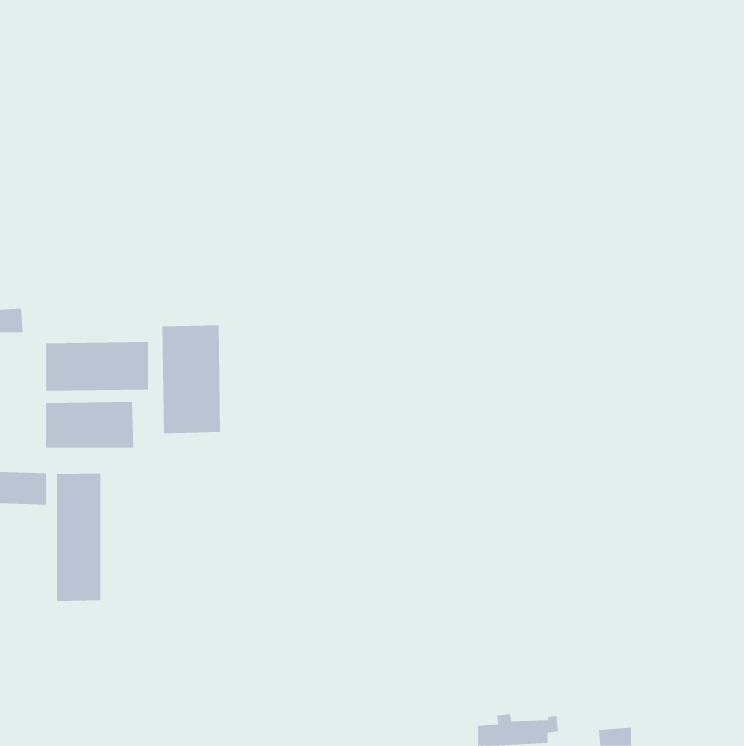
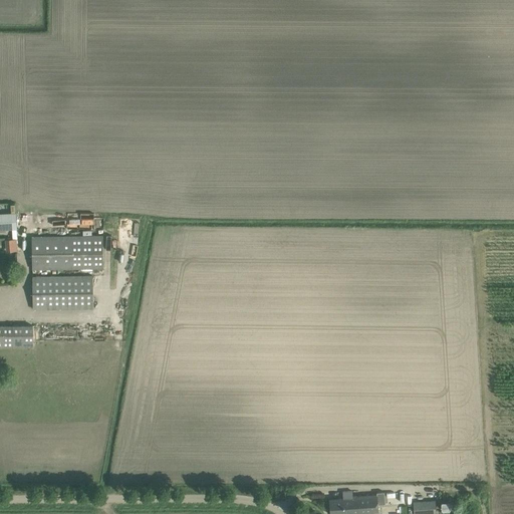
building: [162,324,221,434] -> none
building: [56,473,101,602] -> none

